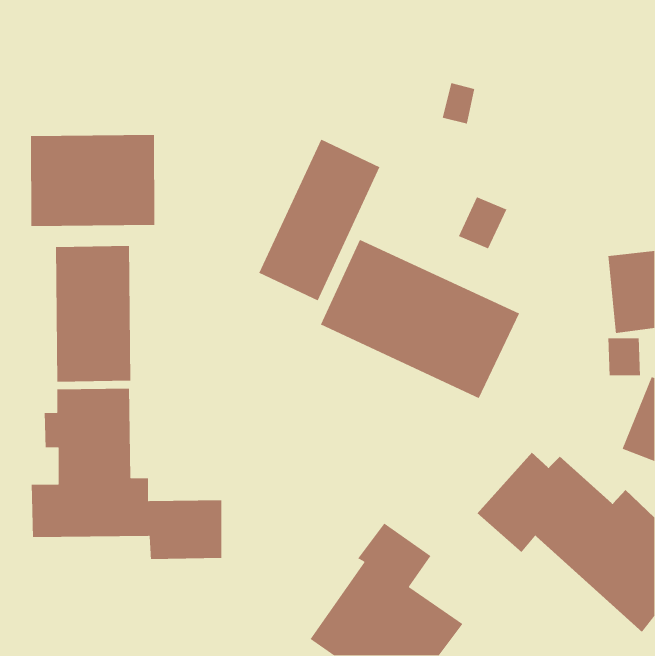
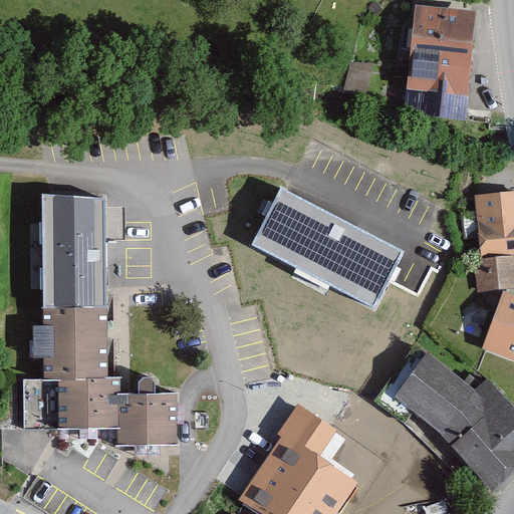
building: none -> [408,5,472,115]
building: [30,134,155,227] -> none
building: [258,138,381,302] -> none
building: [458,196,507,249] -> none

